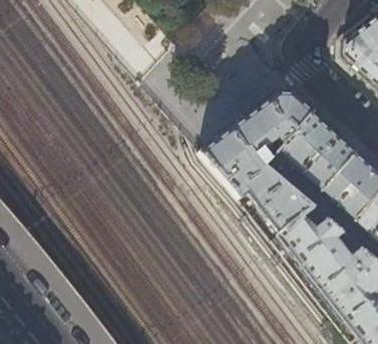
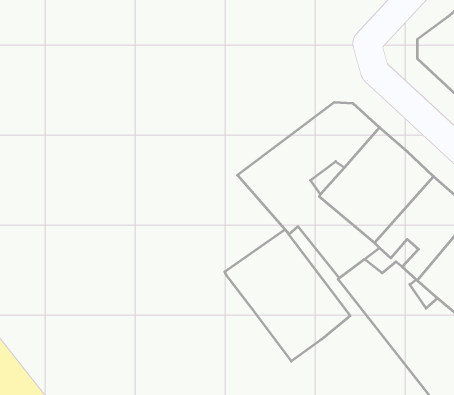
building: none -> [225,229,350,361]

